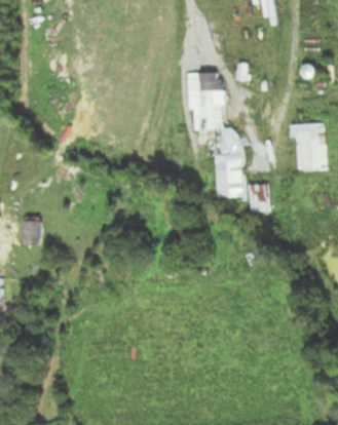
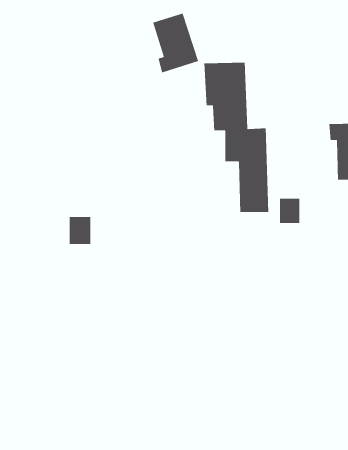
building: none -> [152,13,199,73]
building: [23,221,41,244] -> [69,216,91,245]

